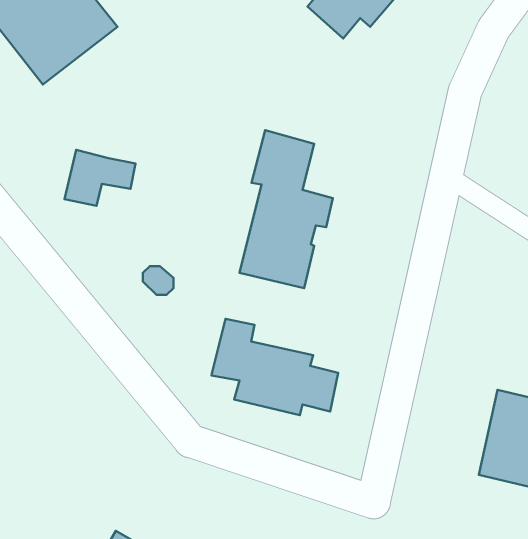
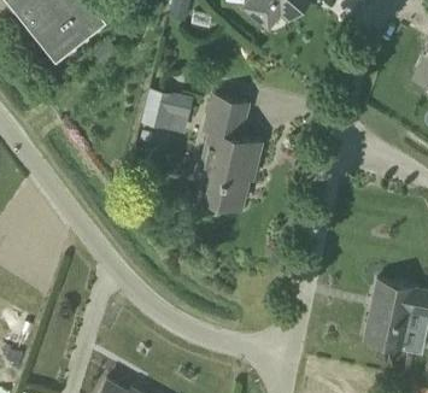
building: [64,150,136,206] -> [142,89,193,129]
building: [211,319,338,415] -> none

